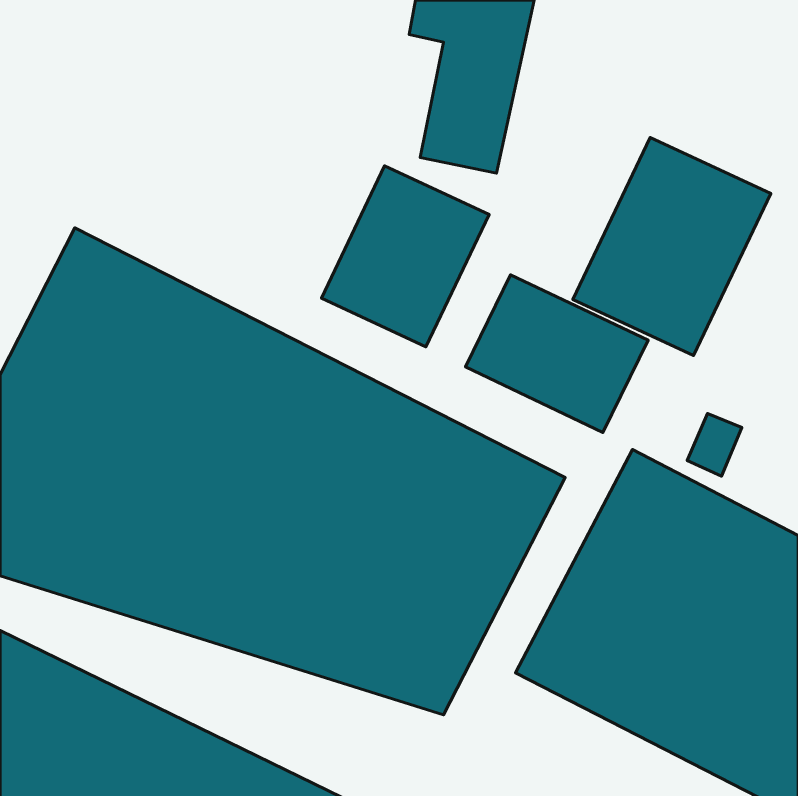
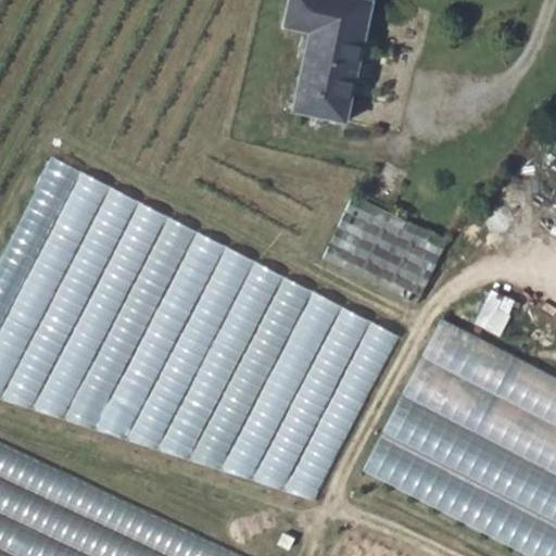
building: [573,137,771,356] -> none
building: [321,166,489,347] -> none

